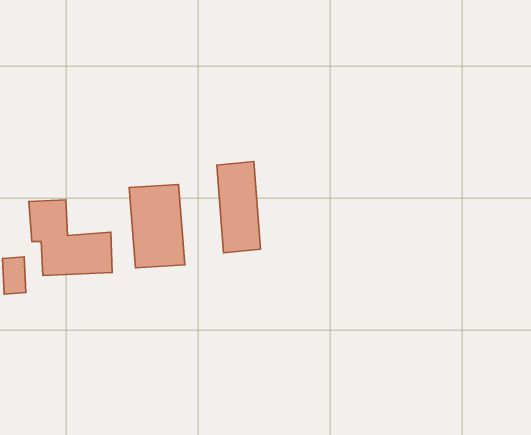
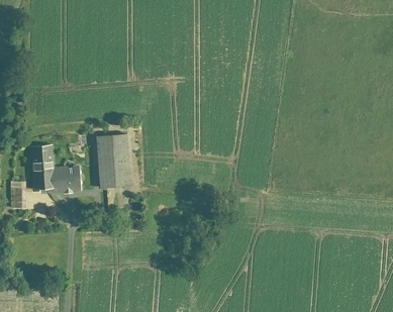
building: [217,162,260,253] -> none

